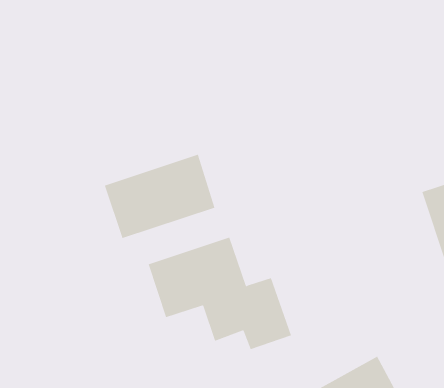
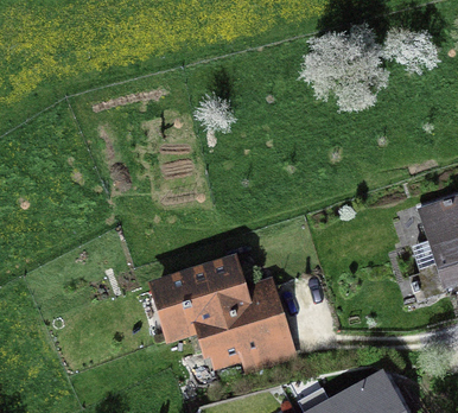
building: [104,154,215,239] -> none

